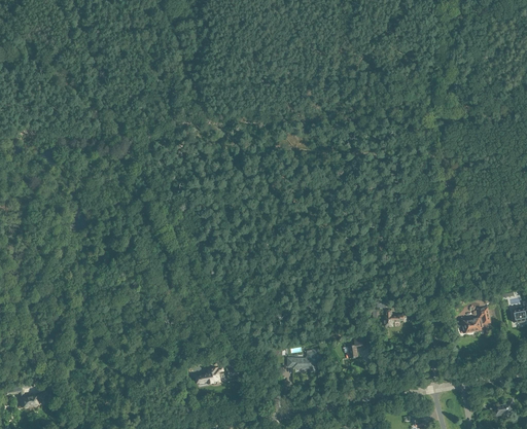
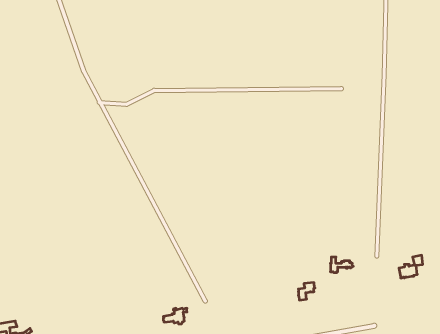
building: [287,349,320,372] -> none

